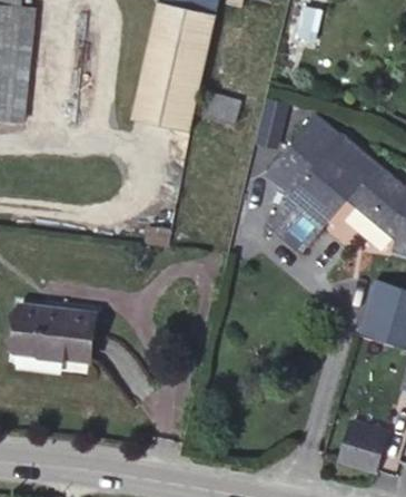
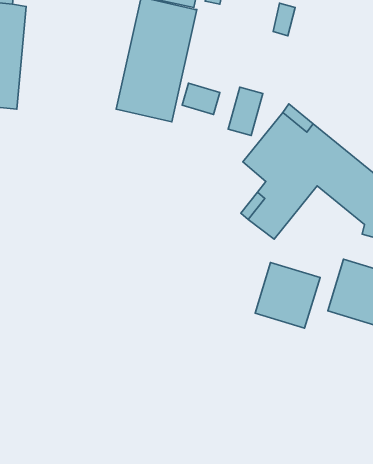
building: none -> [255,262,320,328]
building: [13,302,96,361] -> none
building: [338,420,385,471] -> none

